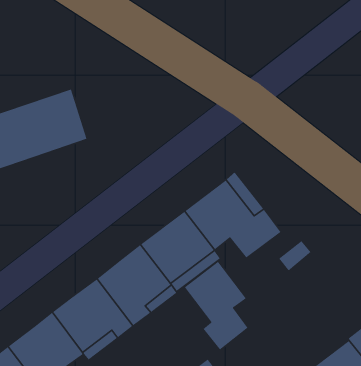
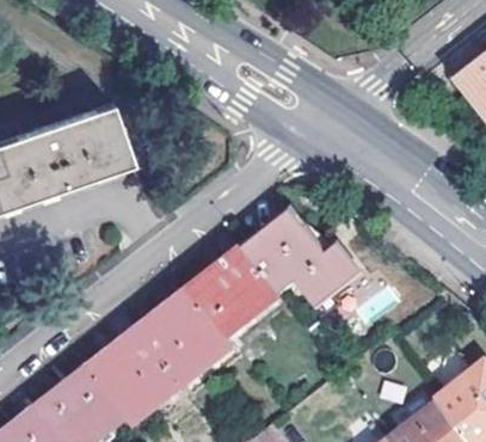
building: [184,261,248,350] -> none

